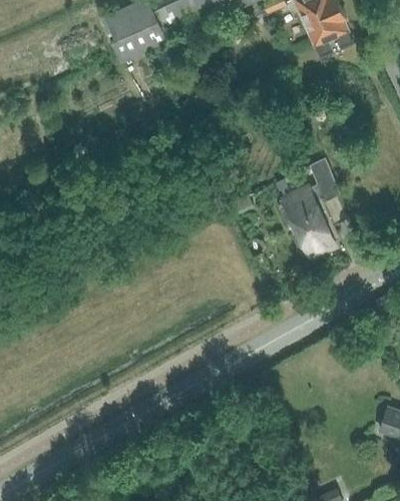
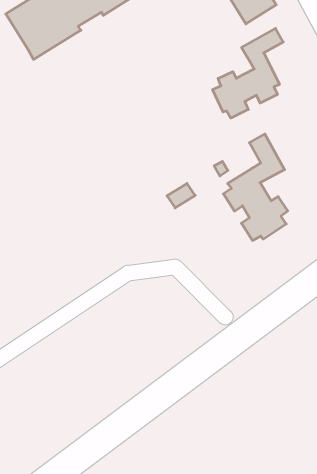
building: none -> [213,28,283,118]

